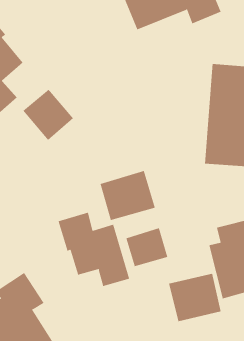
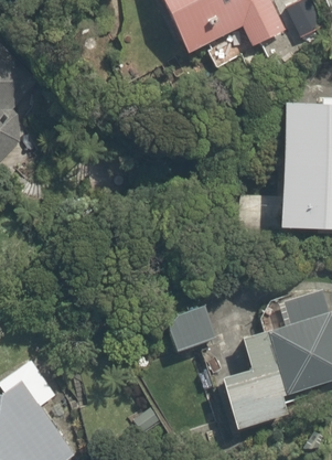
building: [22,89,74,141] -> none
building: [100,170,155,221] -> none
building: [58,212,130,287] -> none

